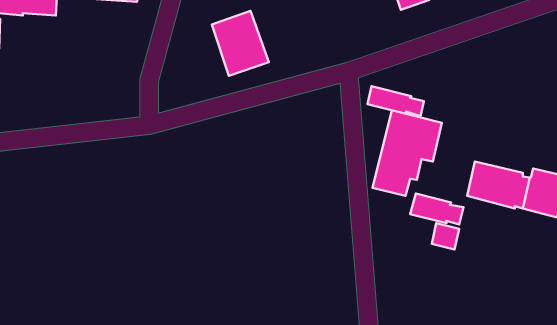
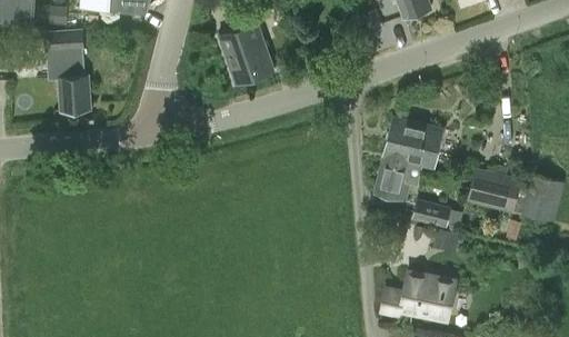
building: none -> [43,29,91,110]
building: [367,86,424,116] -> none
building: none -> [380,270,455,320]

